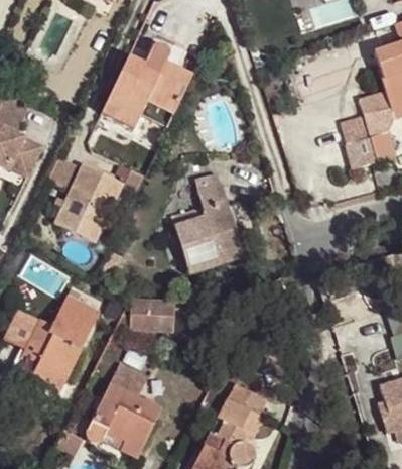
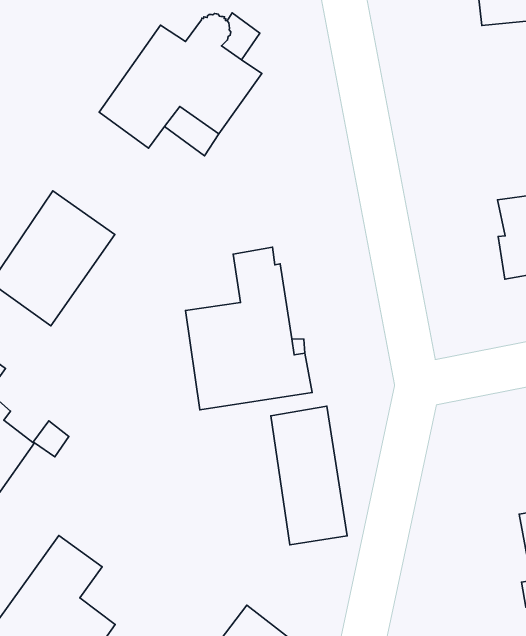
building: none -> [271,406,347,545]
building: [129,300,173,331] -> none

